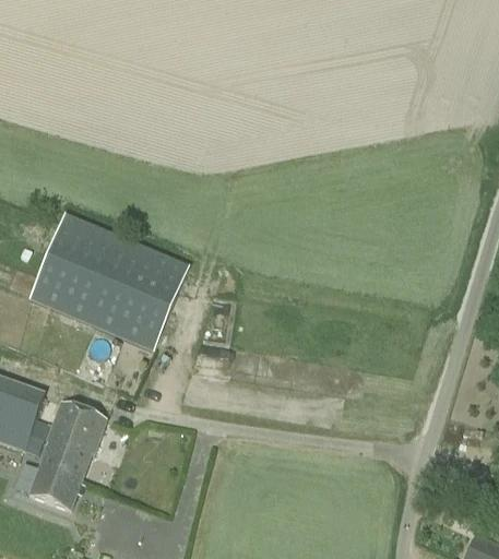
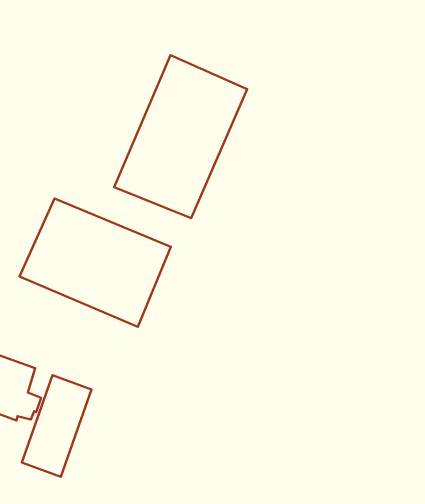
building: none -> [114,55,247,218]

